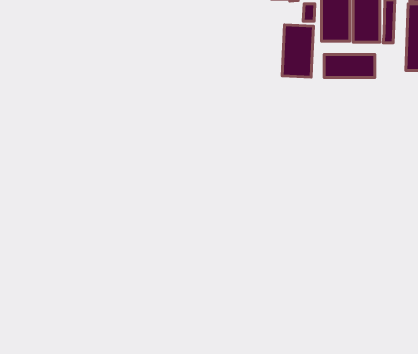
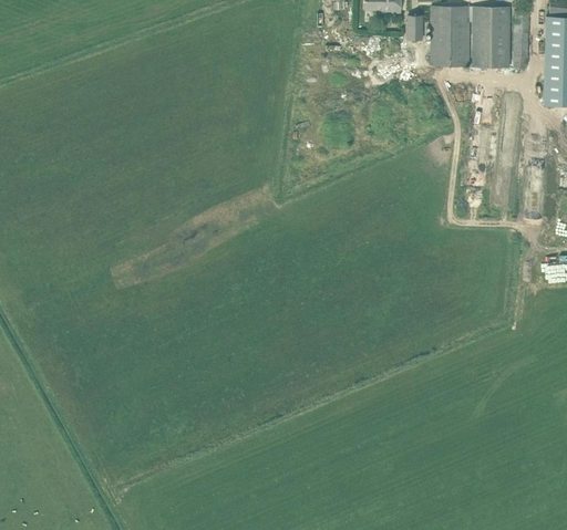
building: [282,25,314,77] -> none
building: [324,55,375,77] -> none

